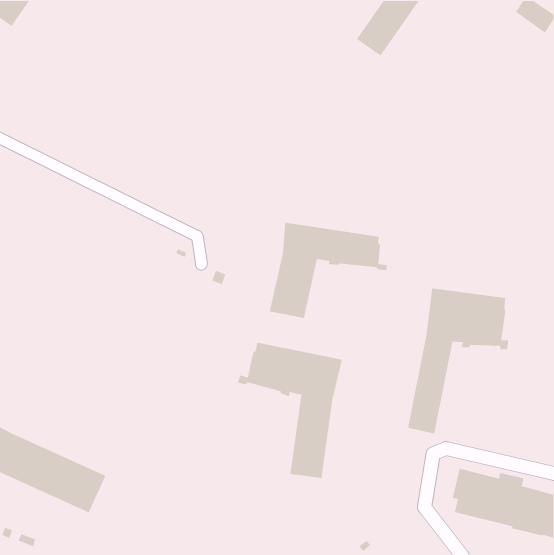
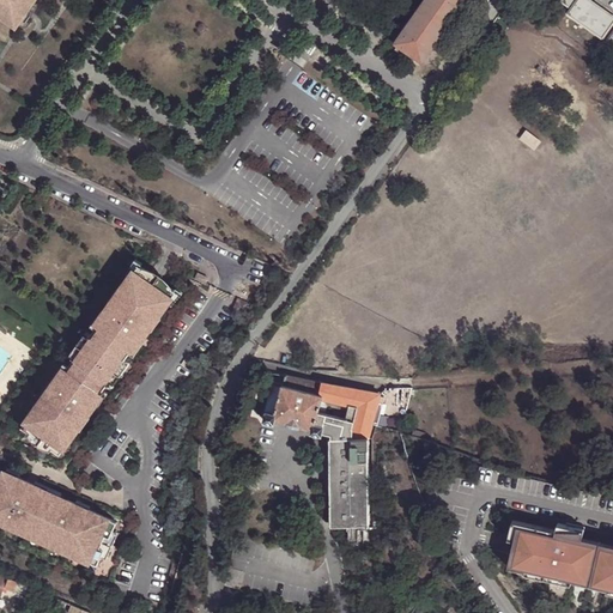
building: [269,222,388,319] -> none
building: none -> [23,266,176,456]
building: [407,288,509,434] -> none

